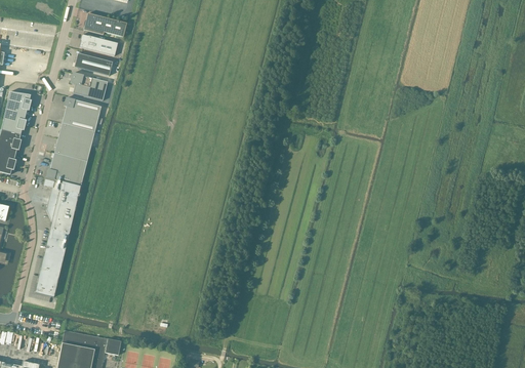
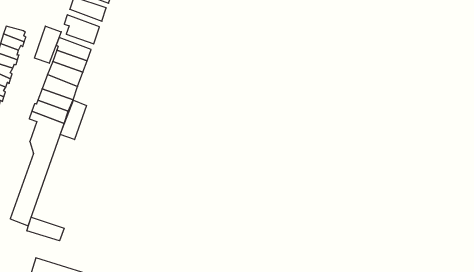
building: none -> [34,26,61,63]
building: none -> [60,100,86,140]
building: none -> [27,217,64,241]

